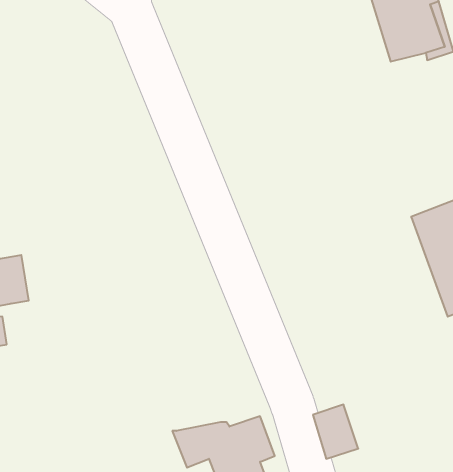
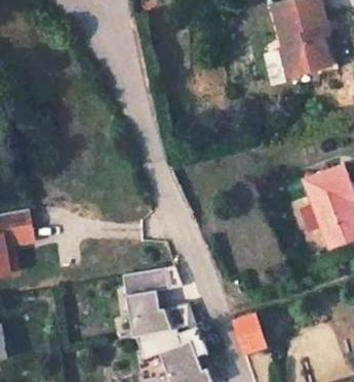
building: none -> [123,267,170,333]

